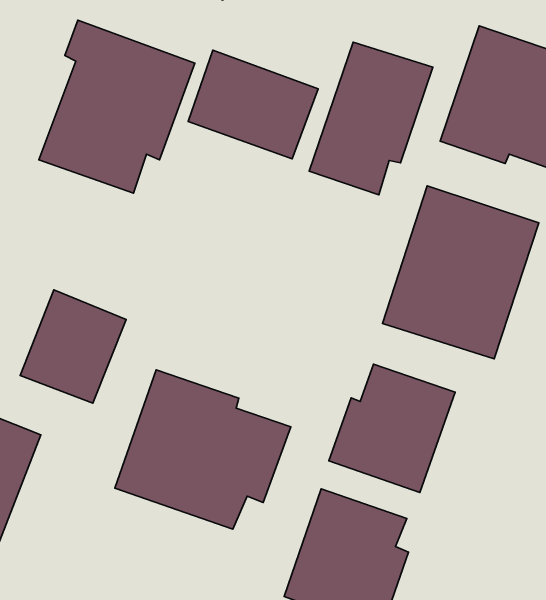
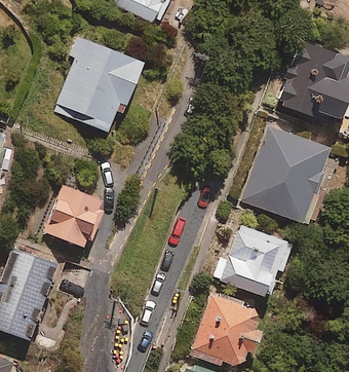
building: [309,42,433,195] -> none
building: [188,50,318,159] -> none
building: [115,370,291,529] -> none

